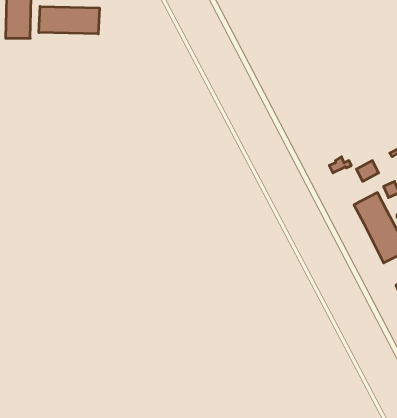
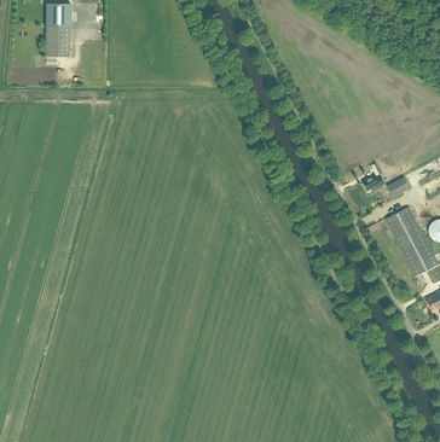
building: [39,6,99,34] -> none

